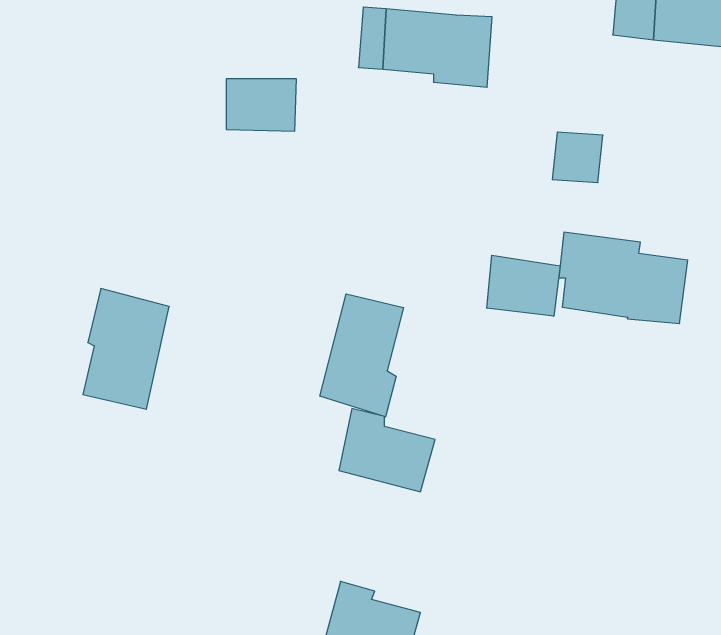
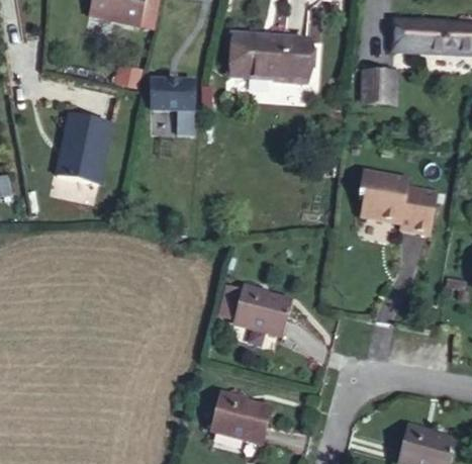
building: [552,132,603,183] -> [368,70,399,101]
building: [487,255,560,316] -> none
building: [83,289,169,409] -> [55,109,108,184]
building: [320,294,404,417] -> none

